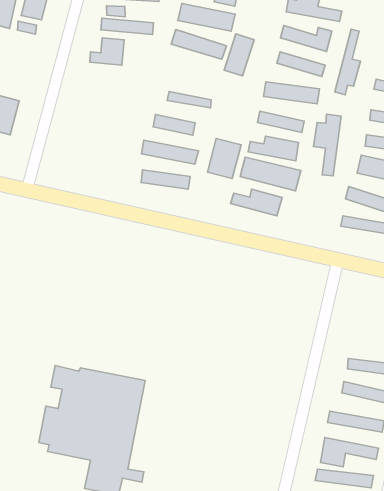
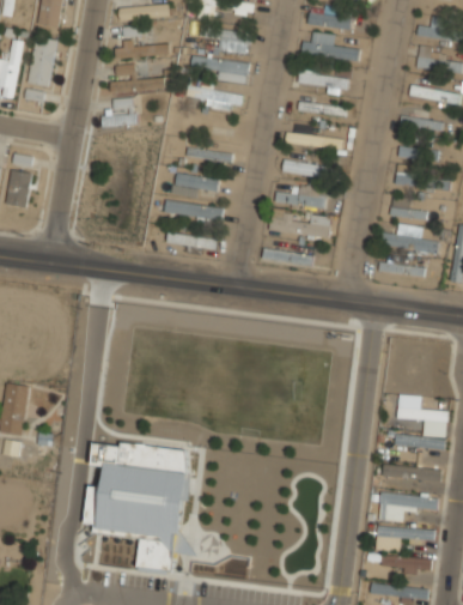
building: [335,29,361,95] -> none
building: [224,34,254,76] -> none
building: [313,114,341,176] -> none
building: [208,138,241,179] -> none

